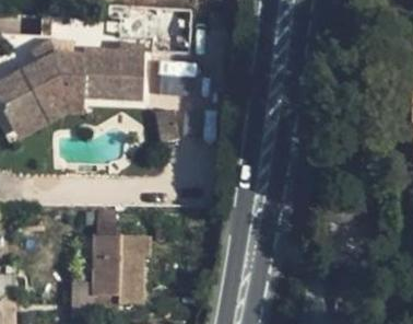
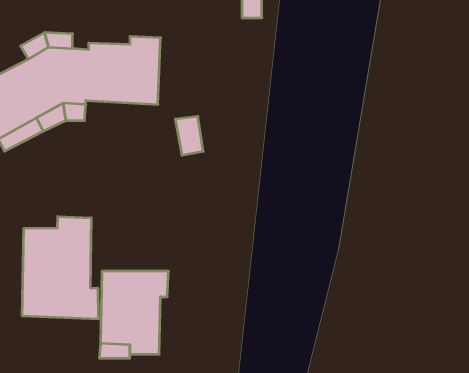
building: none -> [22,216,98,319]

